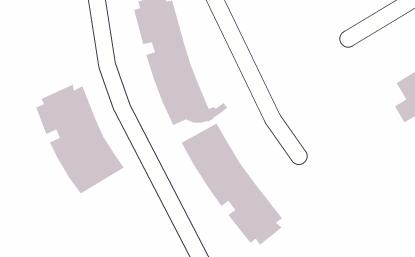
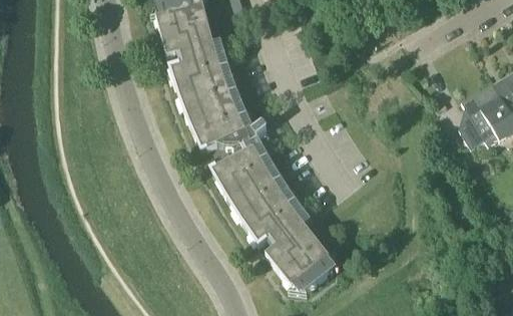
building: [35,83,125,194] -> none

